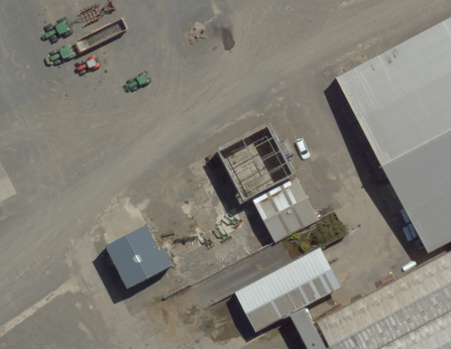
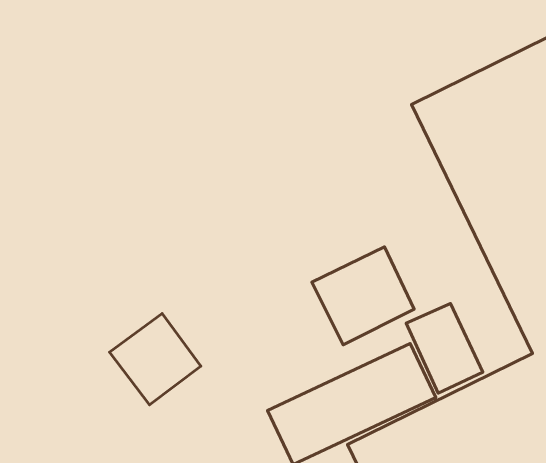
building: [223,126,304,203] -> none
building: none -> [406,304,483,393]

